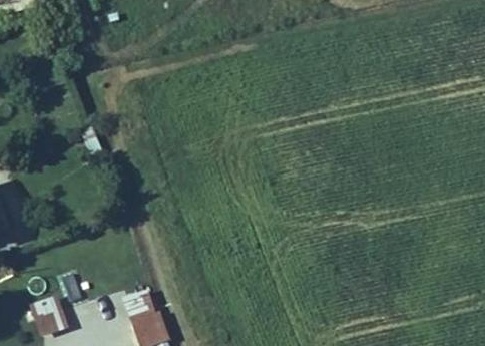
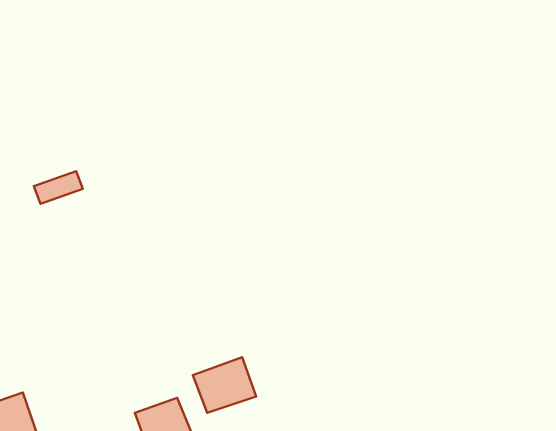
building: none -> [193,357,256,413]

